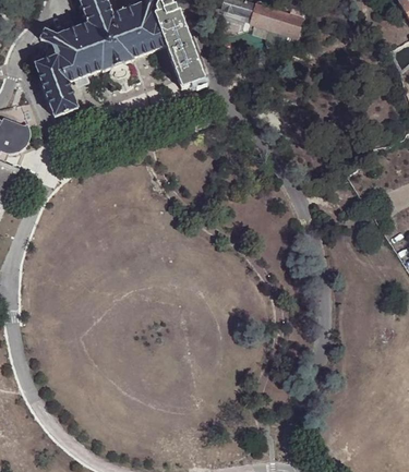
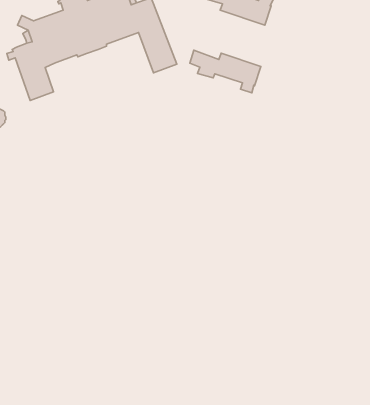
building: none -> [190,50,261,93]

